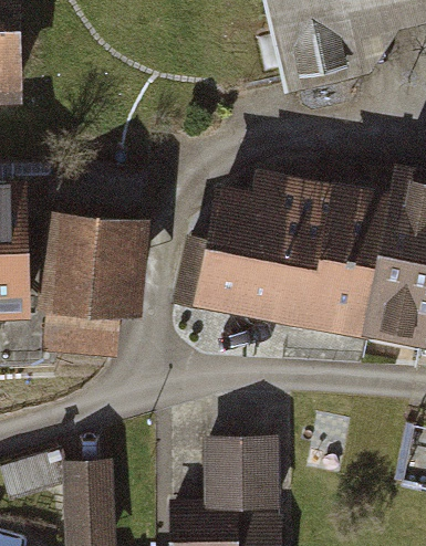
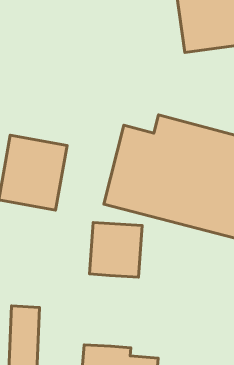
building: [214,429,282,501] -> [90,222,142,277]

